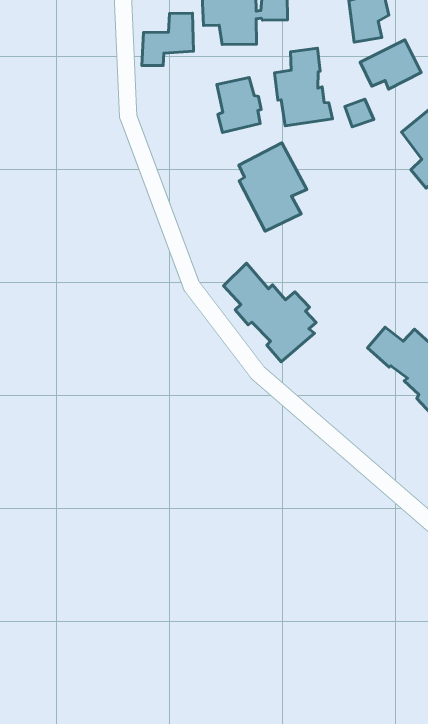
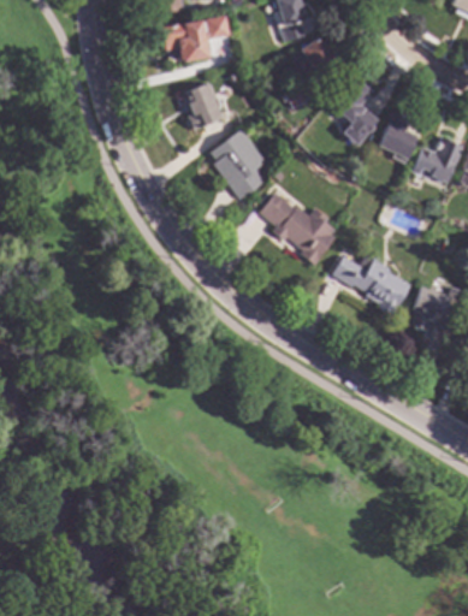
building: [142,13,194,66] -> none
building: [274,48,332,126] -> none
building: [224,263,316,362] -> [261,192,337,263]

